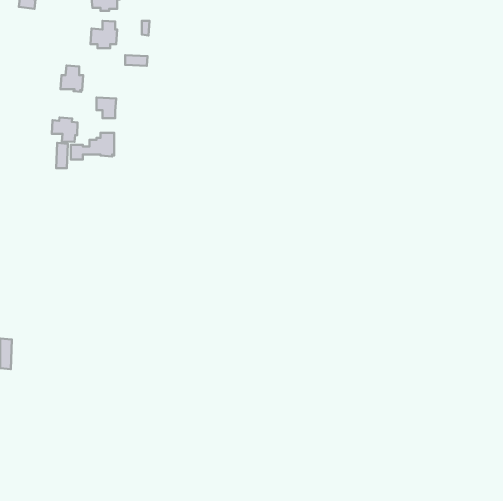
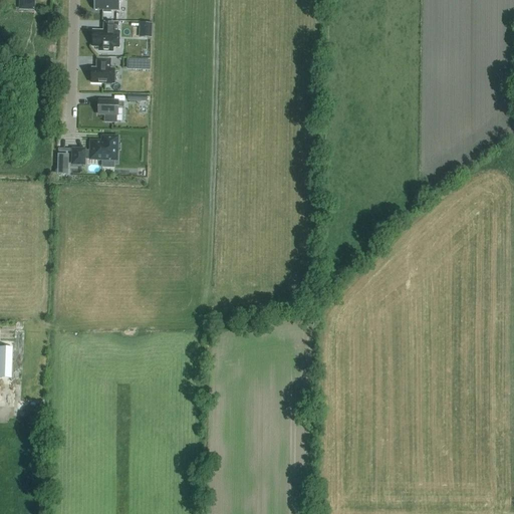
building: [61,65,83,92] -> [91,57,114,84]
building: [52,117,78,142] -> none

